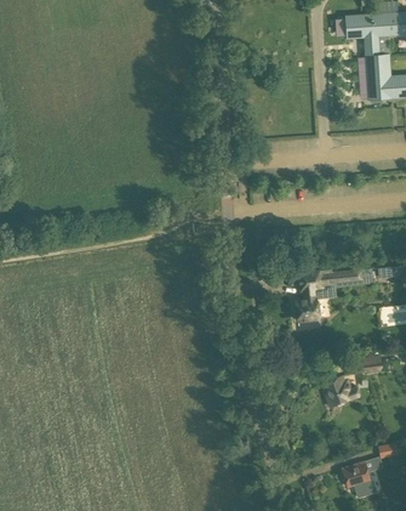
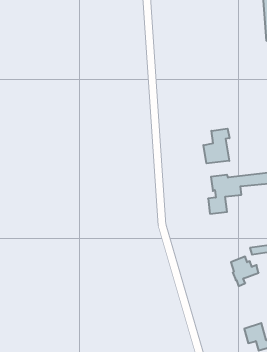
building: none -> [203,129,229,163]

